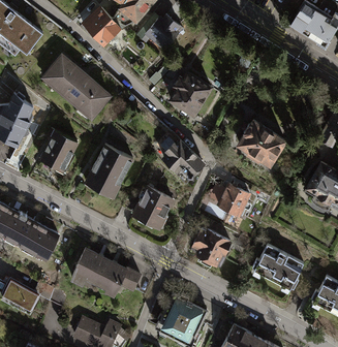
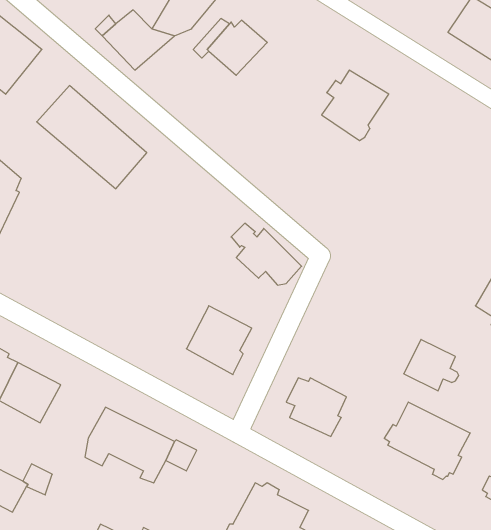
building: [171,72,211,115] -> [322,70,389,141]
building: [239,122,284,163] -> none
building: [40,131,76,169] -> none
building: [86,145,132,196] -> none
building: [218,184,251,215] -> [404,339,459,391]

